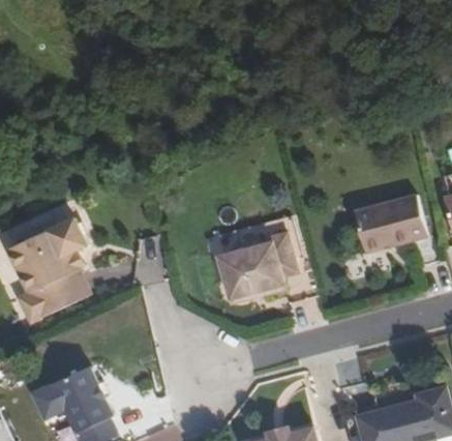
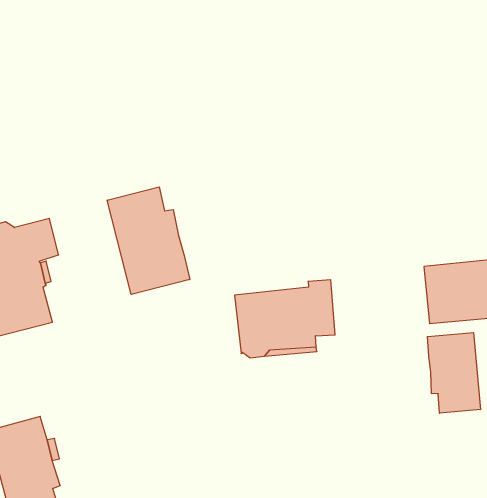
building: none -> [107,187,190,294]
building: none -> [427,333,480,413]

